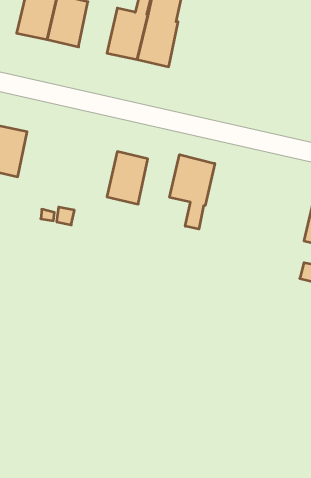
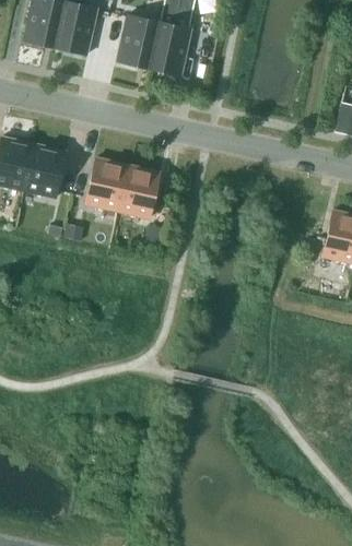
building: none -> [24,144,66,199]
building: none -> [85,158,128,212]
building: [170,155,215,229] -> none

